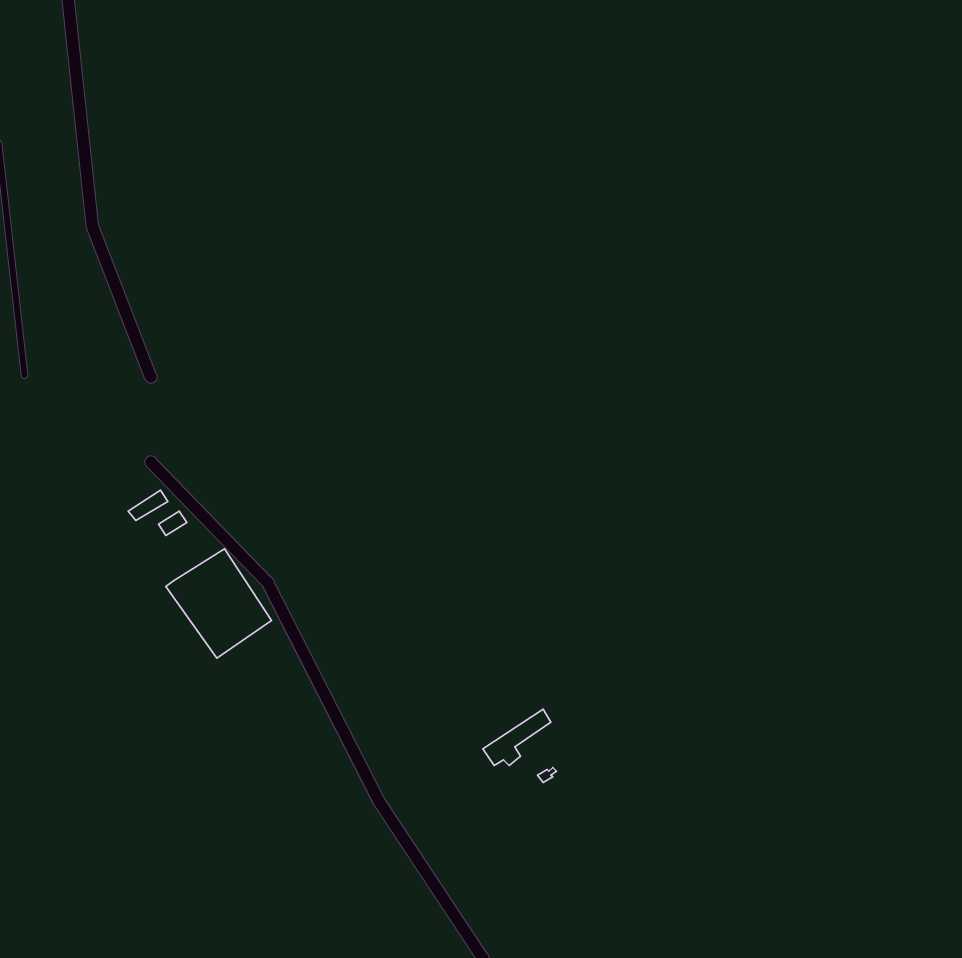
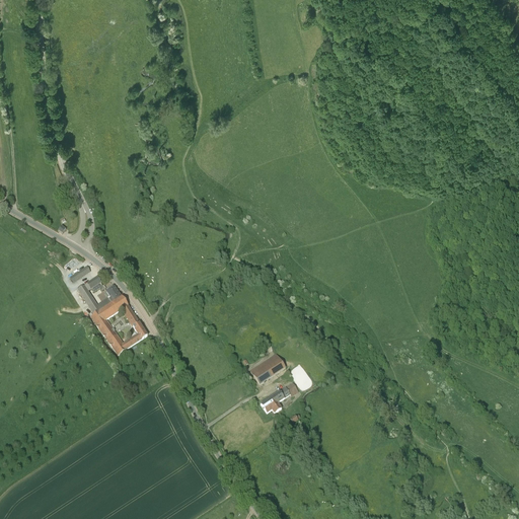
building: none -> [77,284,121,312]
building: none -> [249,353,284,383]

